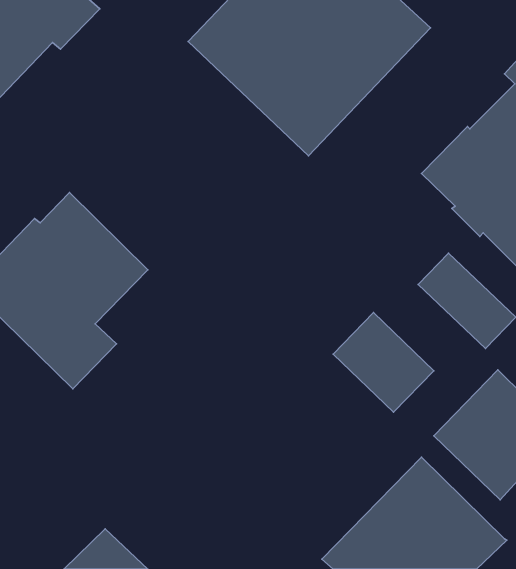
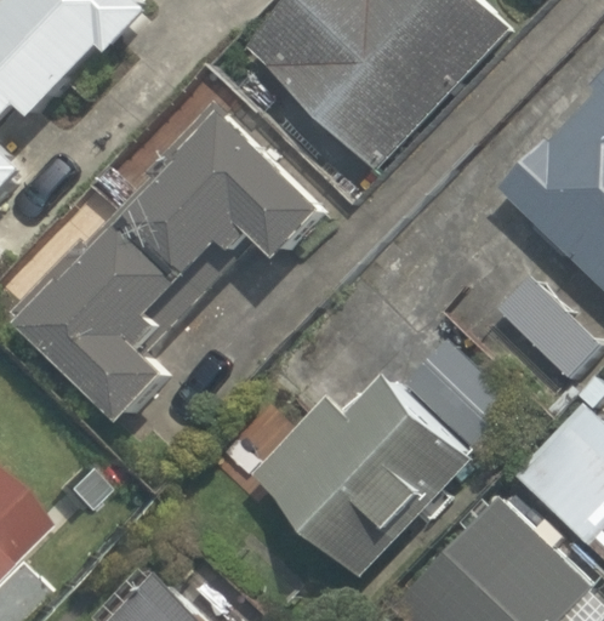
building: none -> [118,102,325,294]
building: none -> [252,376,471,576]

